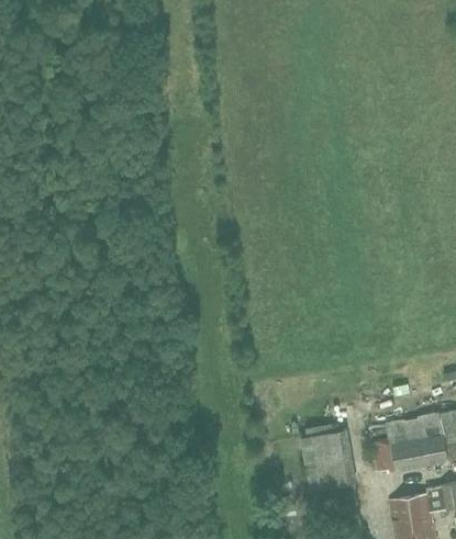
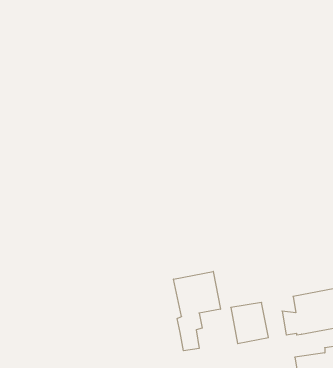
building: none -> [174,271,220,351]

